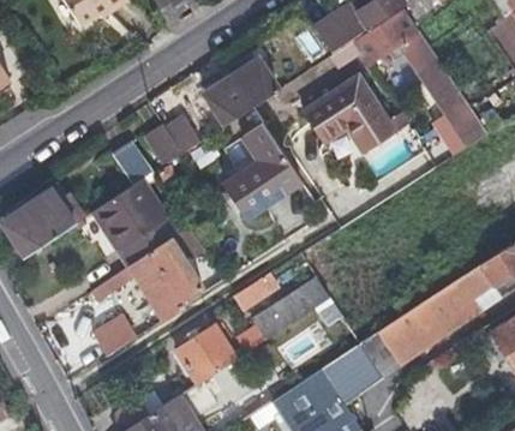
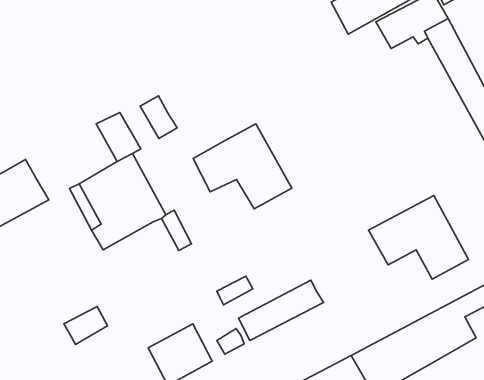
building: [204,59,279,125] -> none
building: [304,74,396,150] -> [369,195,469,279]
building: [90,237,204,318] -> none

